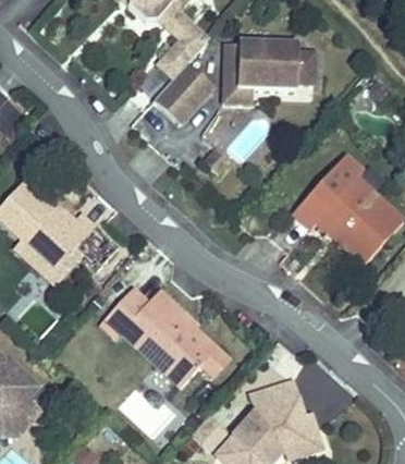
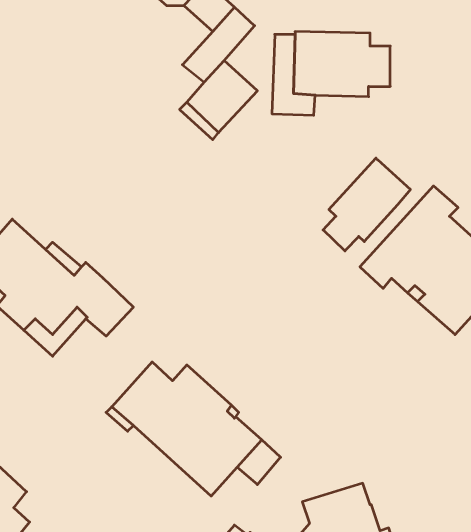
building: none -> [323,158,410,251]

